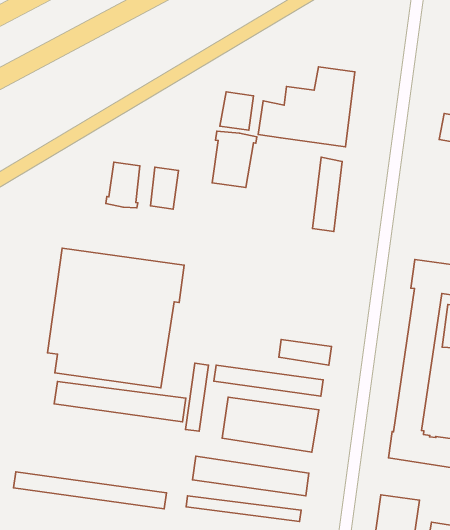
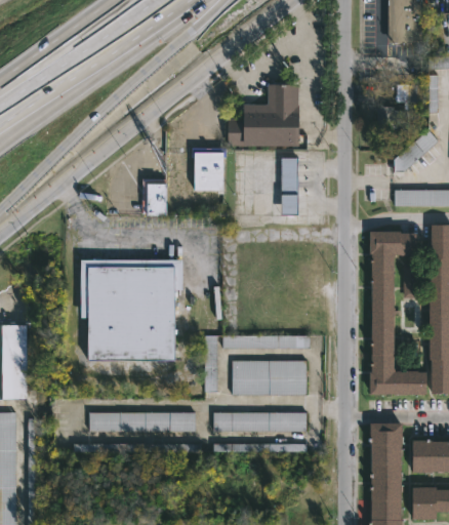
building: [220,92,253,130] -> none
building: [106,162,140,208] -> none
building: [279,339,331,365] -> none
building: [54,381,186,422] -> [90,412,196,432]

